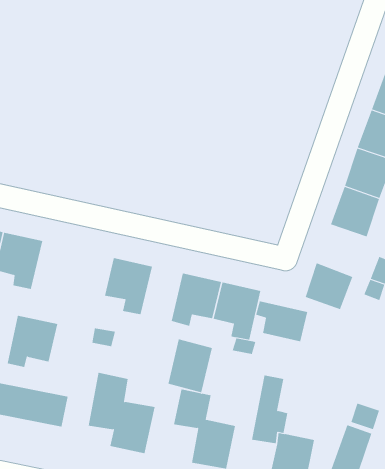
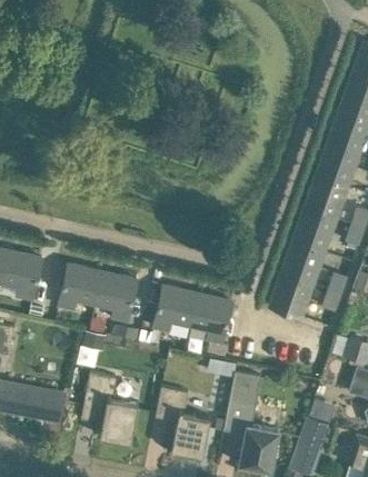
building: none -> [280,244,325,289]
building: [256,300,308,342] -> none
building: [7,315,58,367] -> [59,265,103,310]
building: [168,338,212,393] -> none

